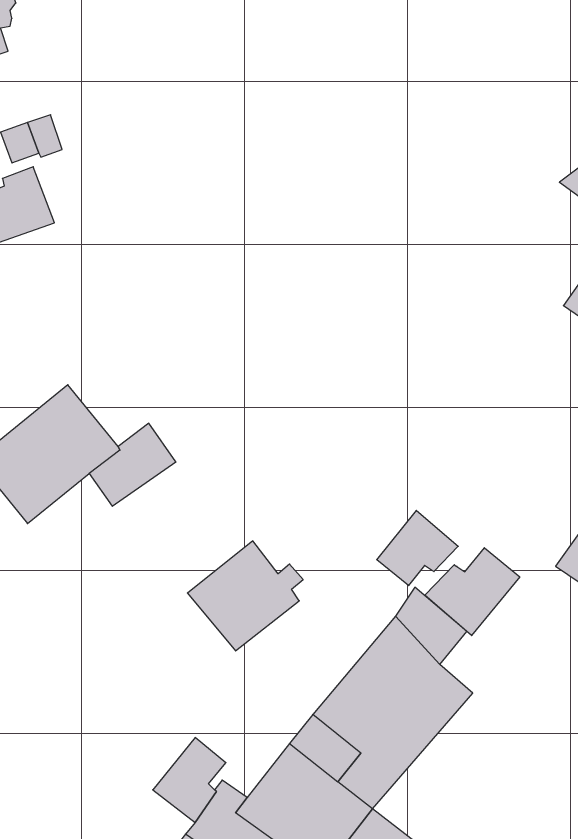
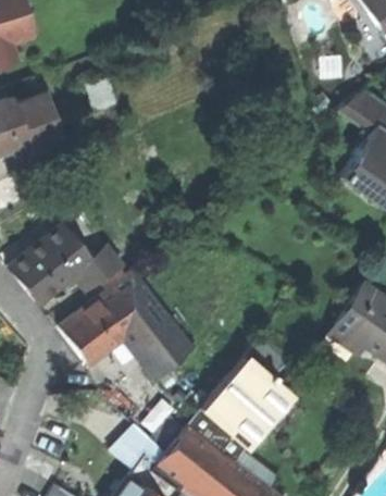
building: none -> [60,270,167,363]
building: [377,510,458,586] -> none
building: [425,548,520,636] -> none

